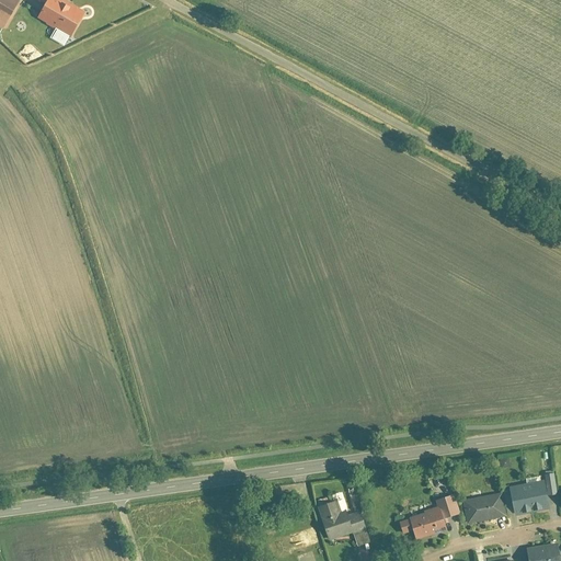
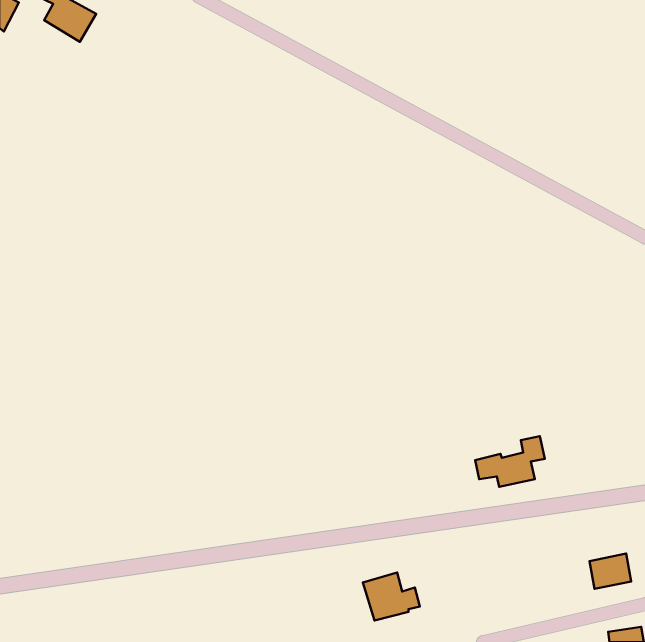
building: [469,492,504,522] -> none
building: [397,495,457,539] -> [475,436,545,487]

